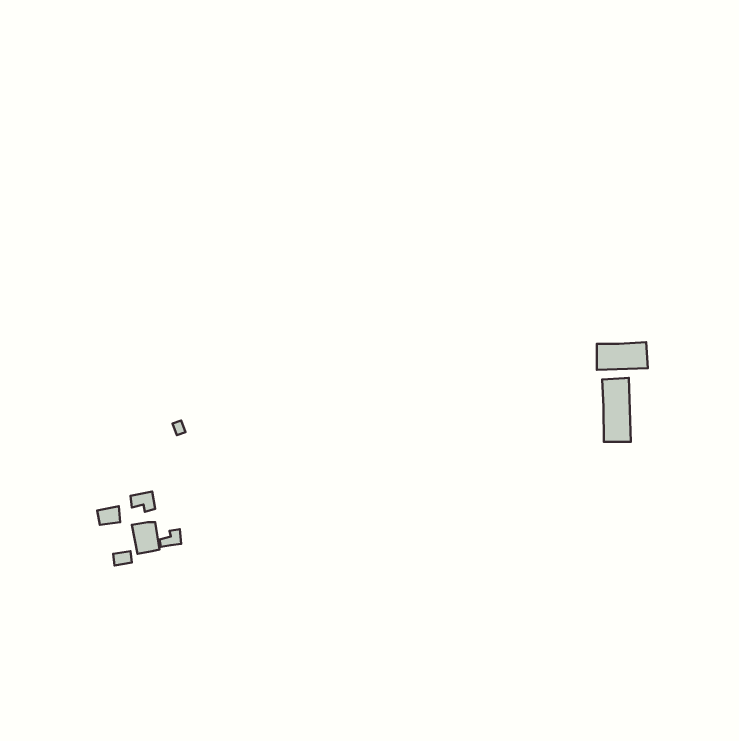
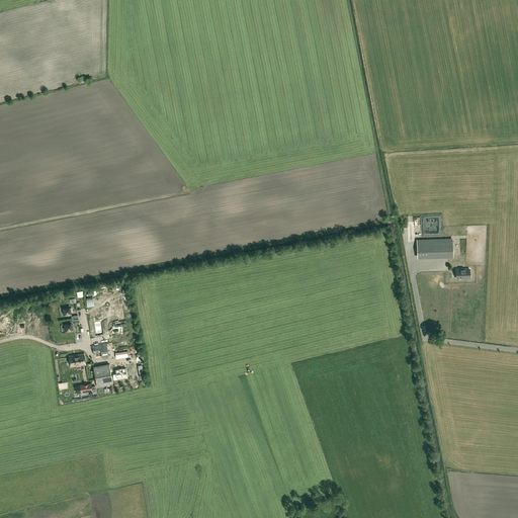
building: [602,378,631,442] -> none

